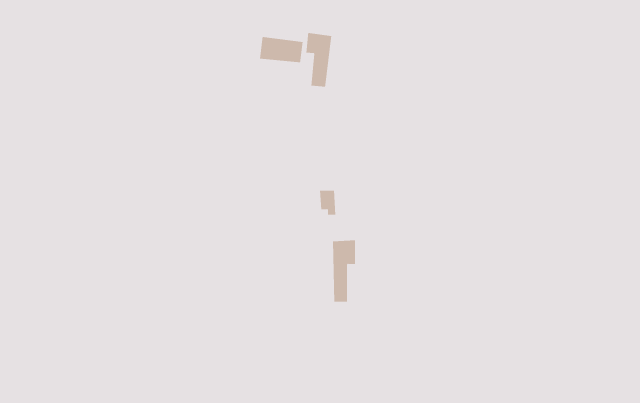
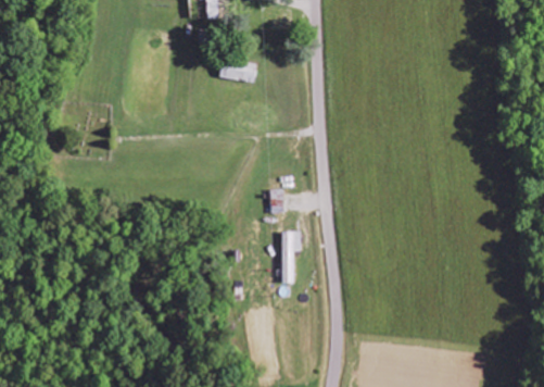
building: [306,32,332,88] -> none

